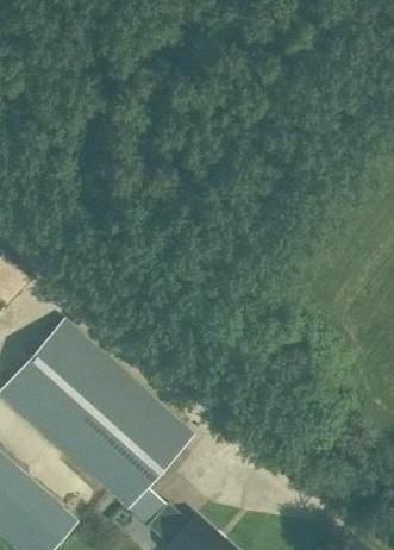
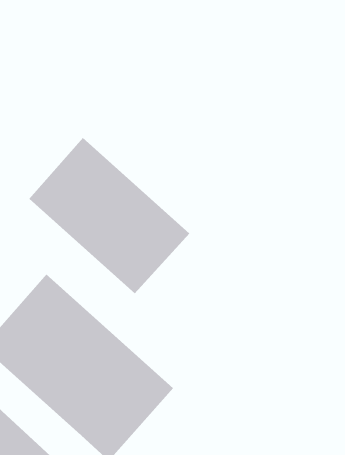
building: none -> [29,137,190,294]

